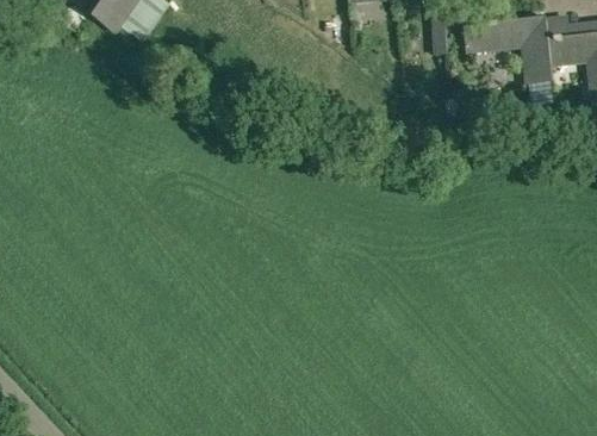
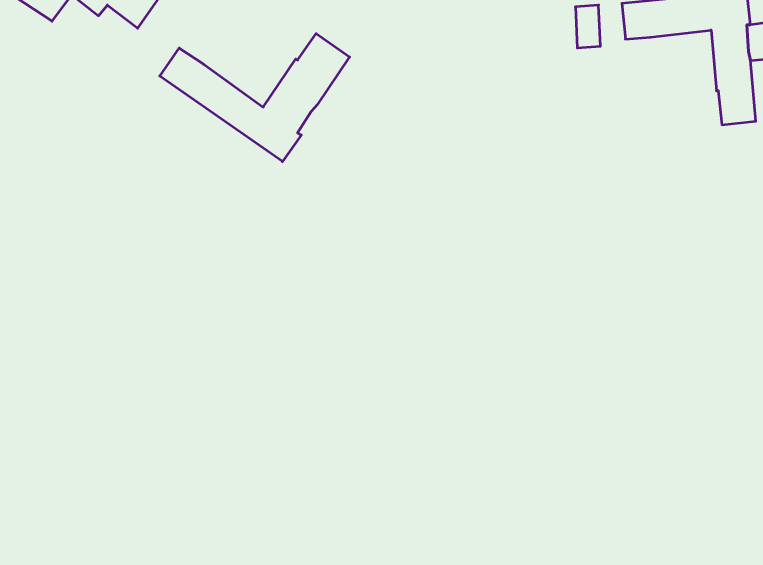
building: none -> [160,34,350,162]

